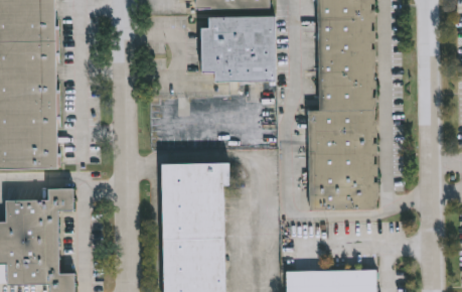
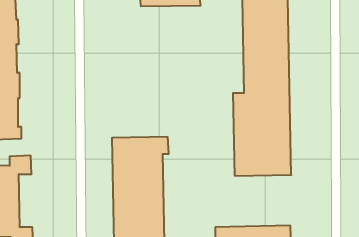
building: [201,16,276,82] -> none

